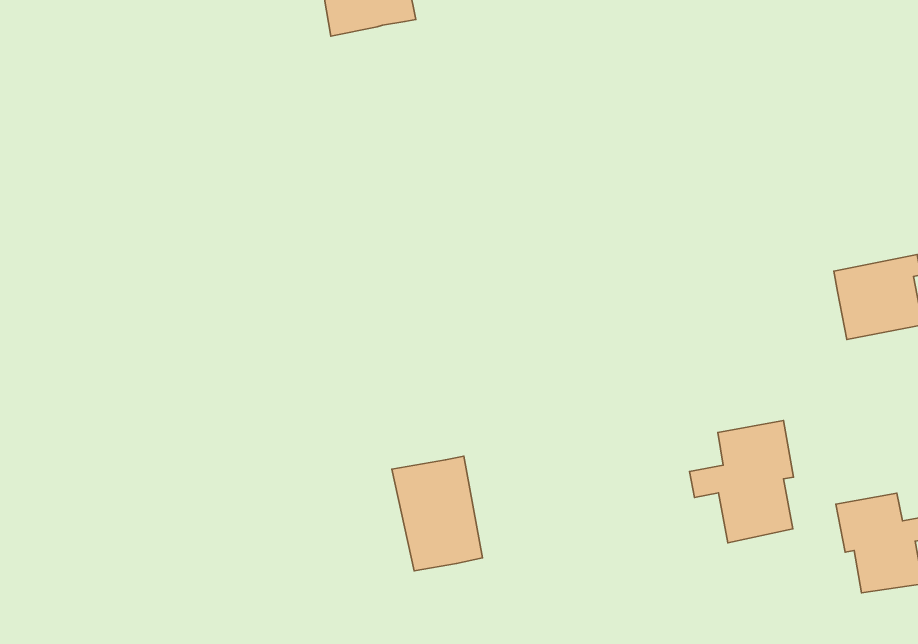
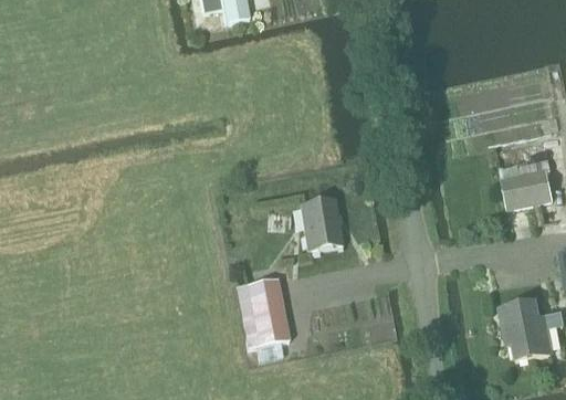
building: none -> [300,199,342,250]
building: [689,420,793,543] -> none

